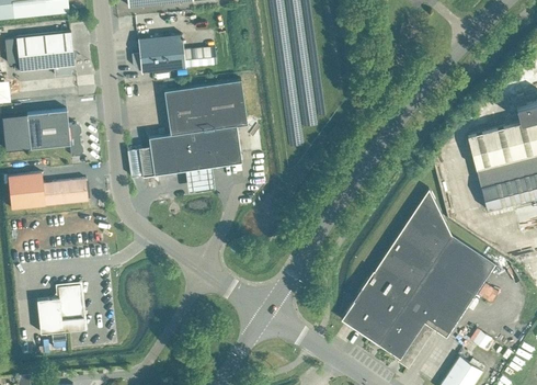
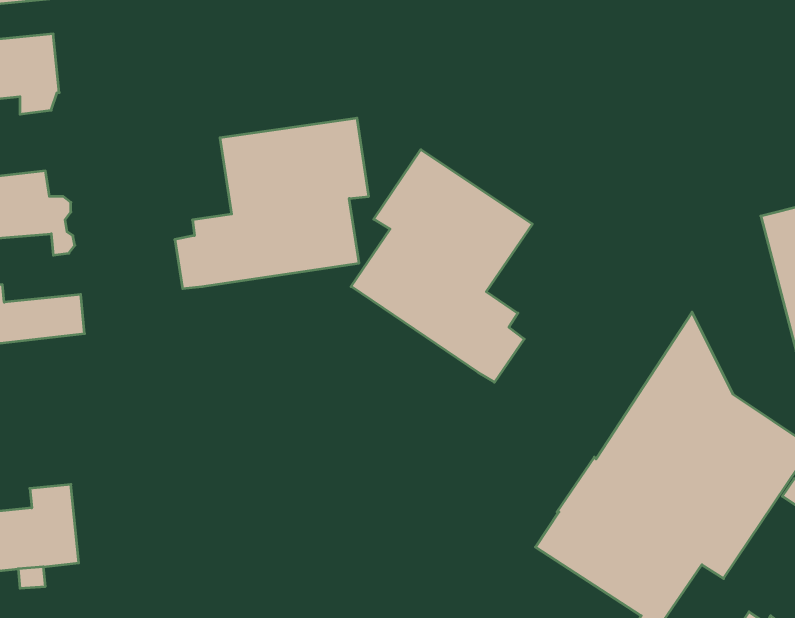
building: [133,35,216,72] -> none
building: none -> [351,150,532,382]

